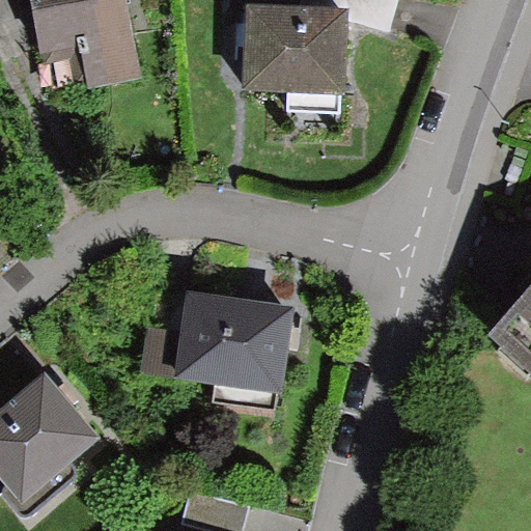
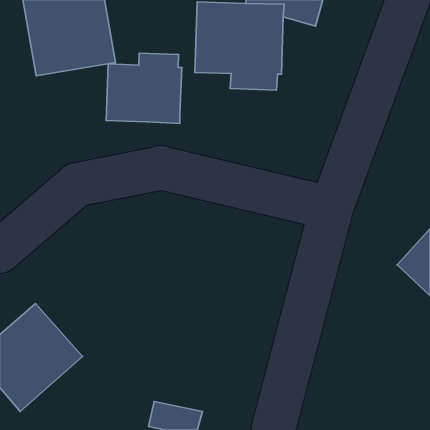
building: none -> [106,53,182,124]
building: [135,287,296,404] -> none

